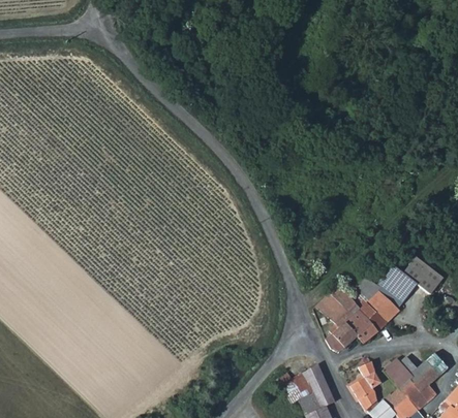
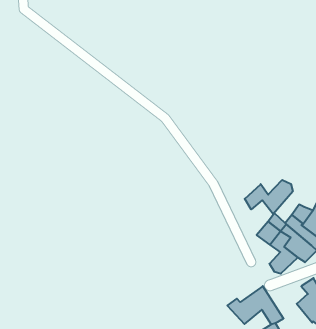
building: none -> [245,180,293,214]

